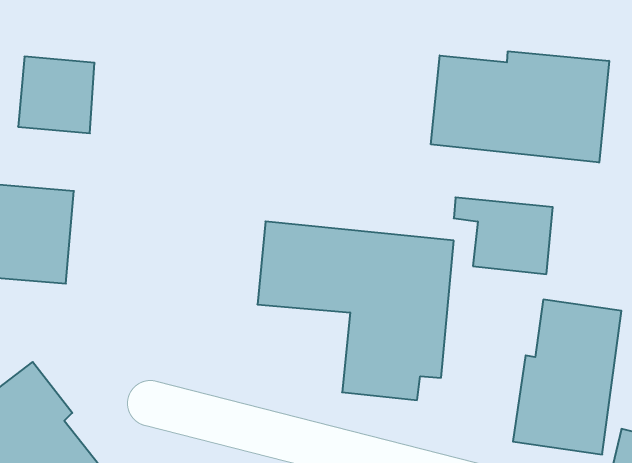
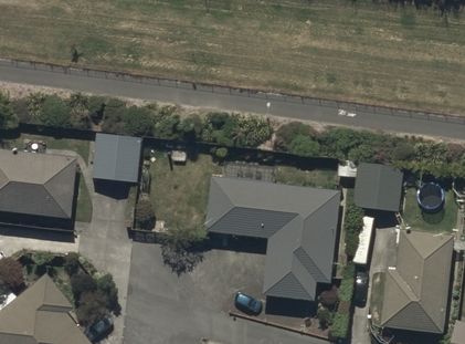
building: [431,51,609,163] -> none
building: [18,57,95,133] -> [92,129,145,183]

